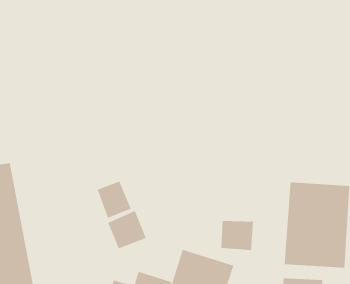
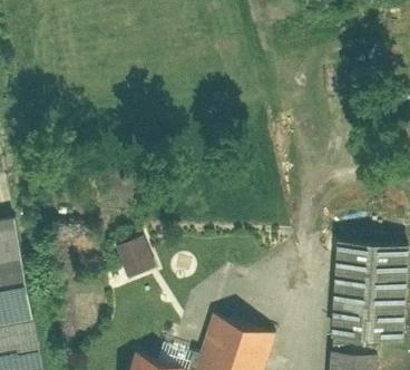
building: [107,210,147,249] -> none
building: [221,220,253,251] -> none

